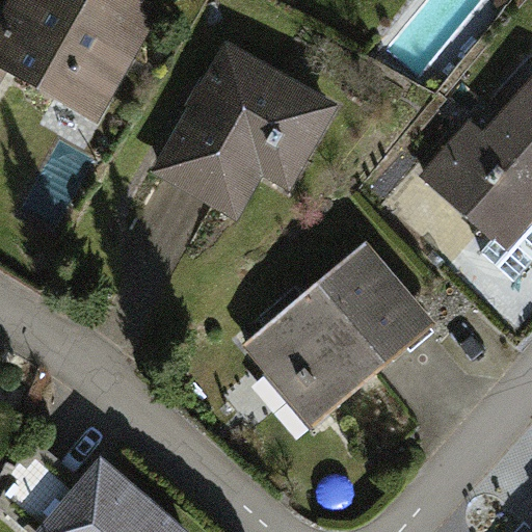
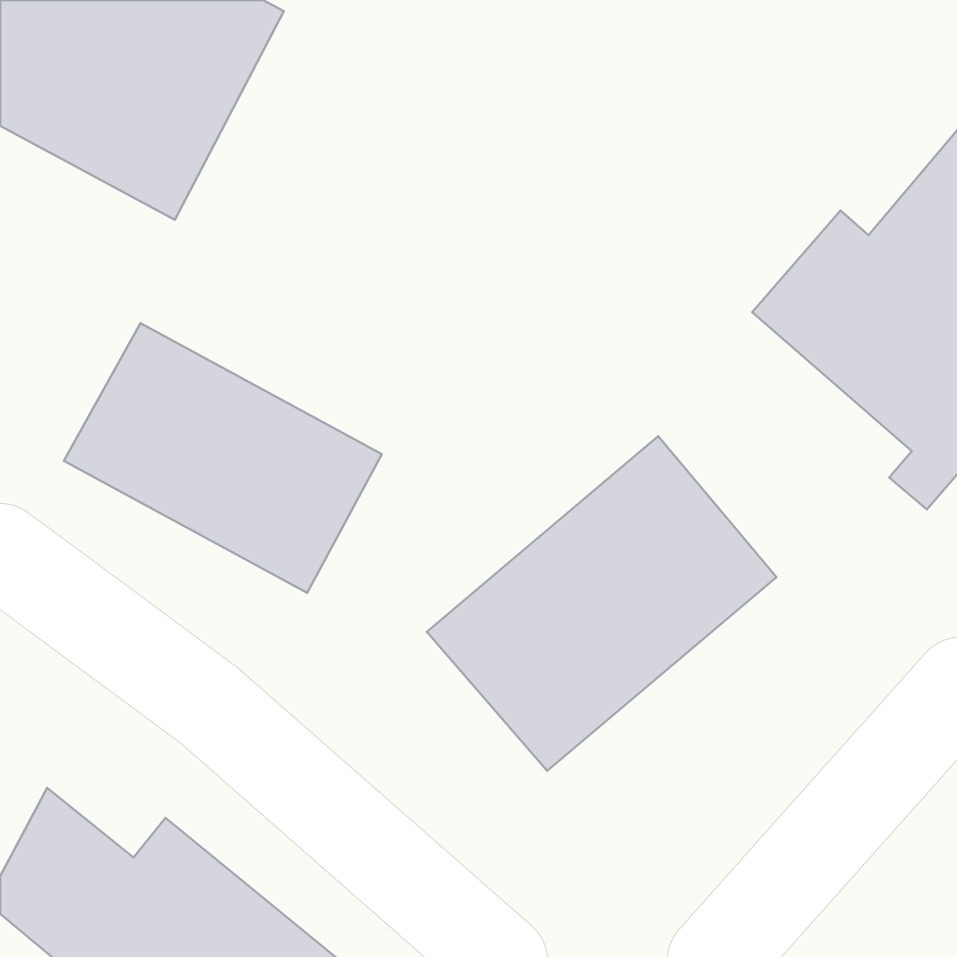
building: [153,41,337,216] -> none
building: none -> [64,323,382,593]

